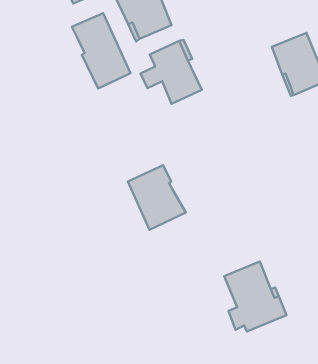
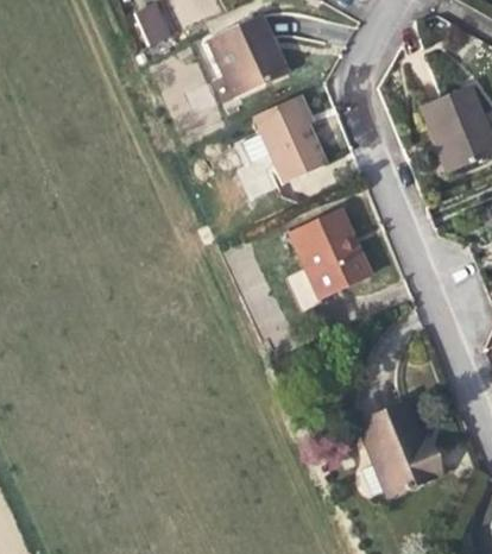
building: [72,13,131,88] -> none
building: [128,165,186,230] -> [291,209,371,298]

